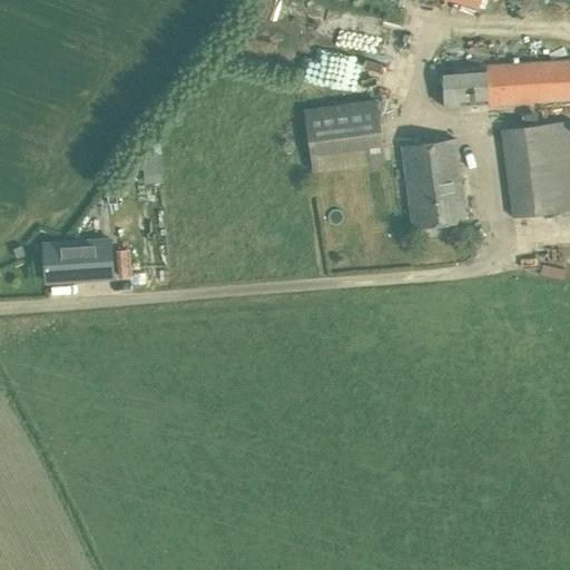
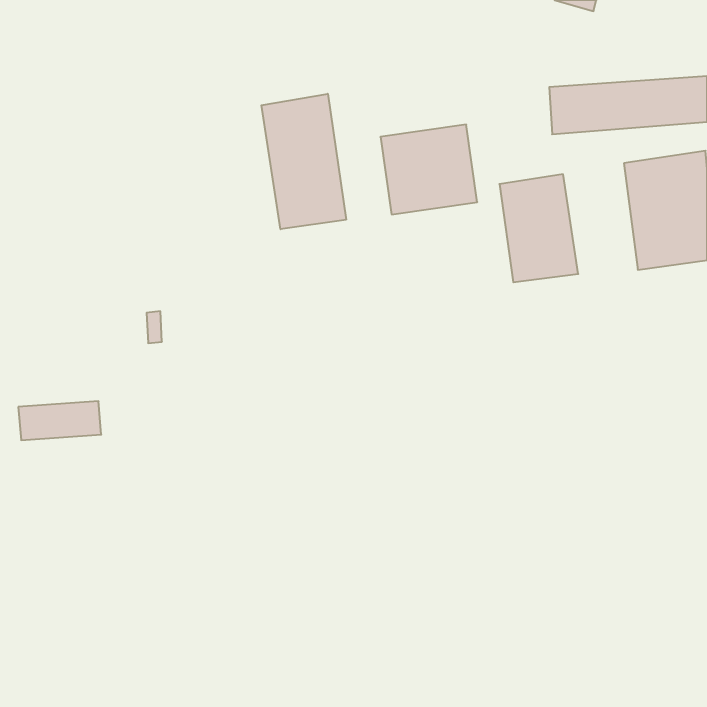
building: none -> [261,94,346,229]
building: [46,249,112,281] -> [18,401,101,440]

